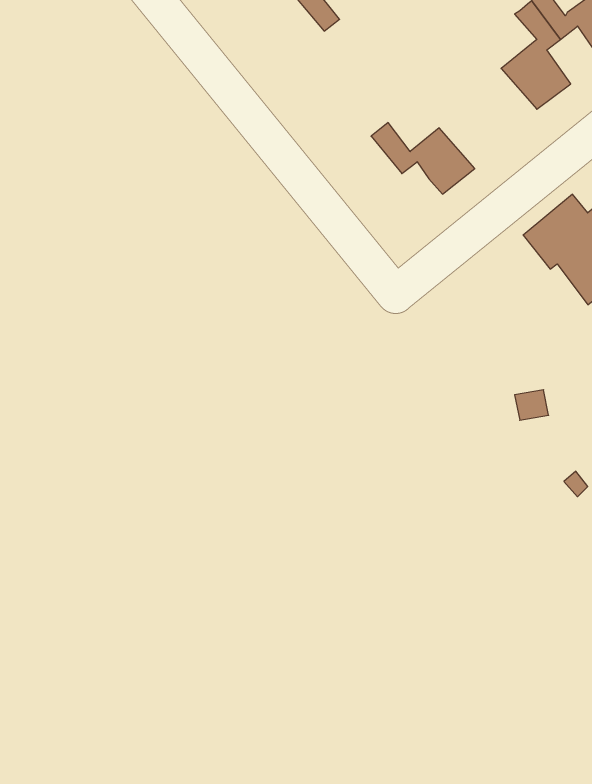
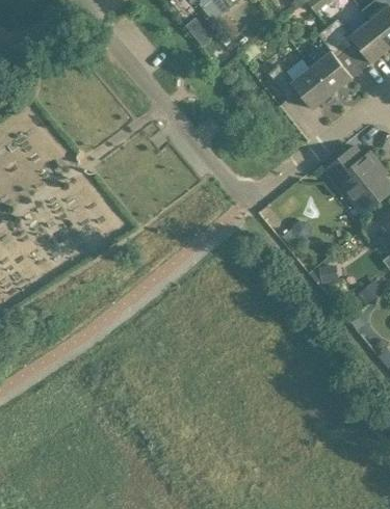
building: [371,123,475,194] -> [269,64,333,108]

